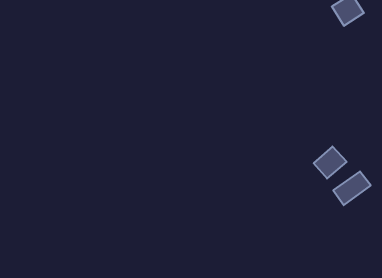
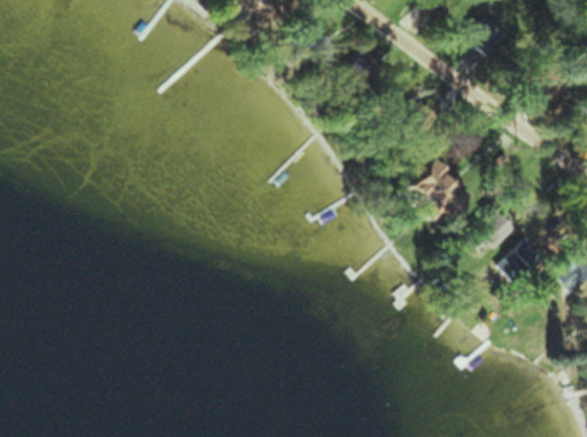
building: none -> [415,167,458,212]

